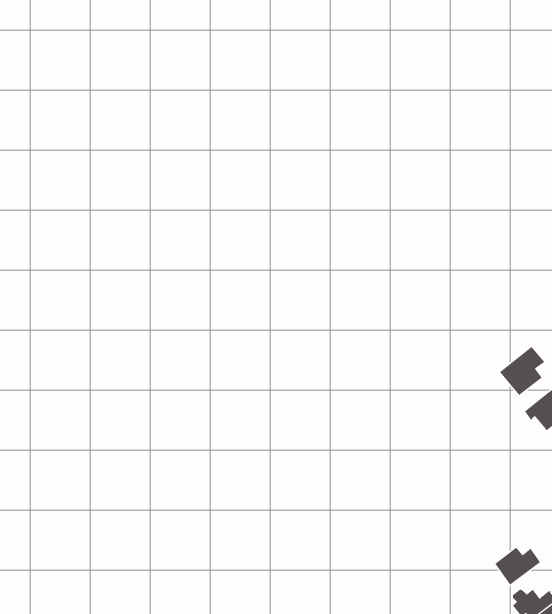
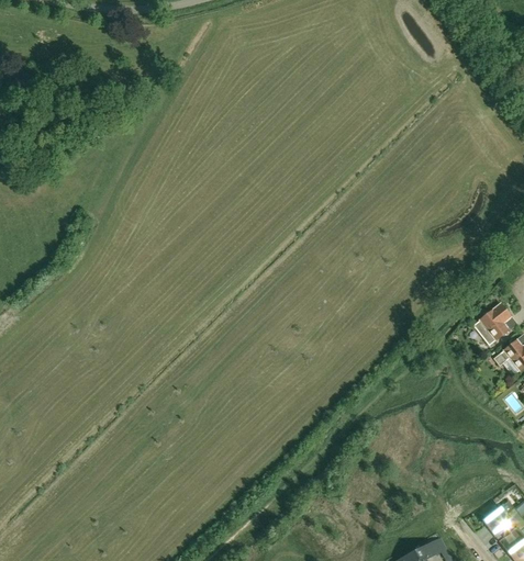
building: [495,547,541,585] -> none

